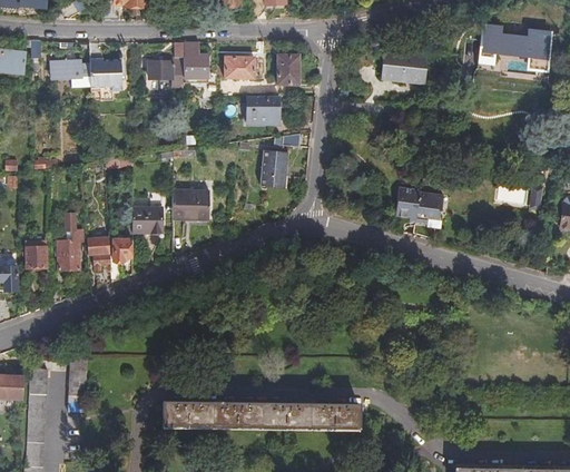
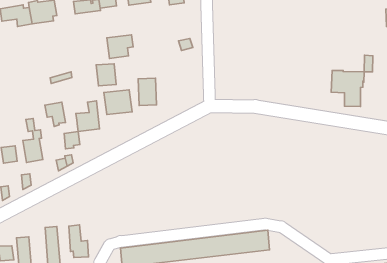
building: [245,96,278,124] -> [107,35,133,58]
building: [261,150,287,188] -> [138,78,156,105]
building: none -> [96,64,116,86]
building: [395,186,443,239] -> [331,70,364,107]
building: [86,237,110,268] -> [45,102,65,126]
building: none -> [69,225,88,258]

